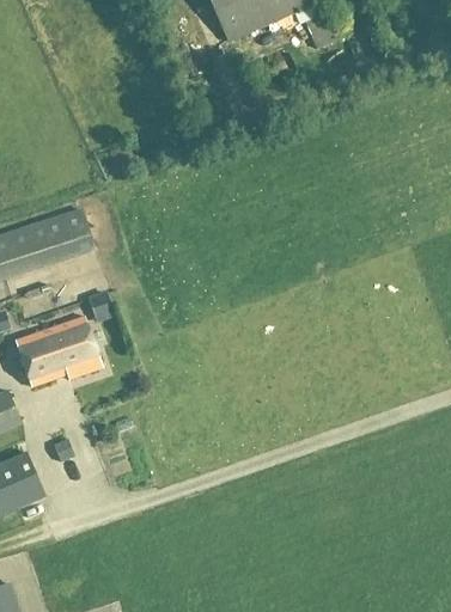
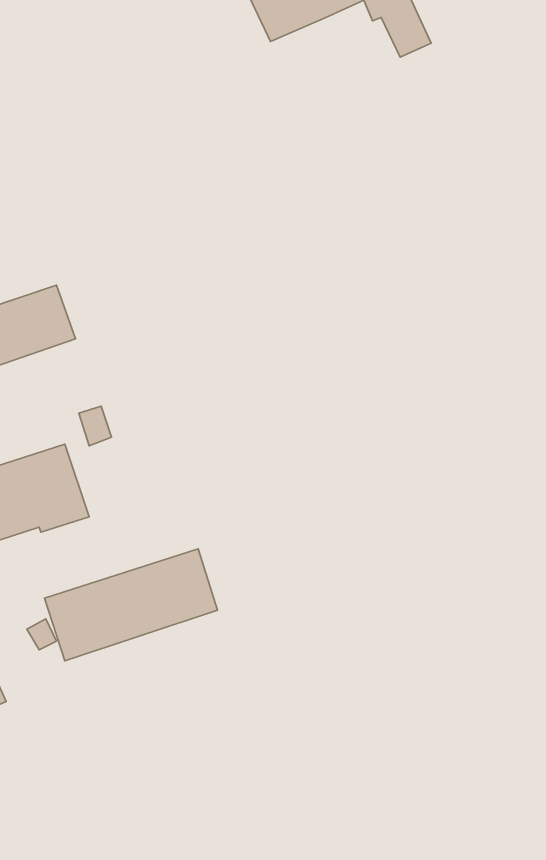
building: none -> [45,549,217,661]

